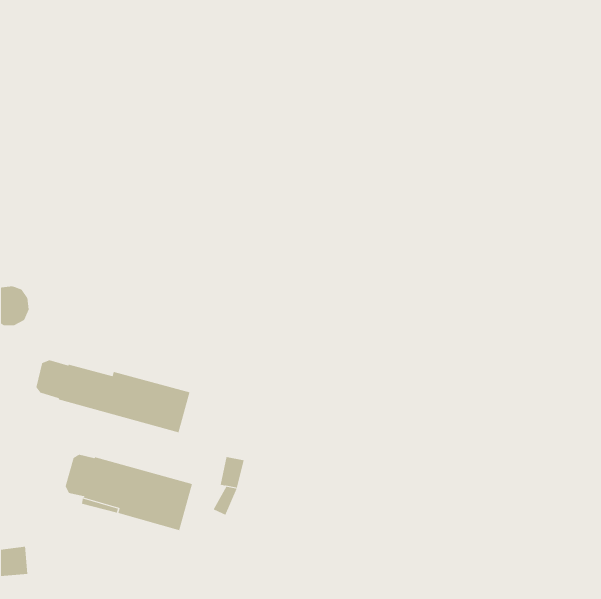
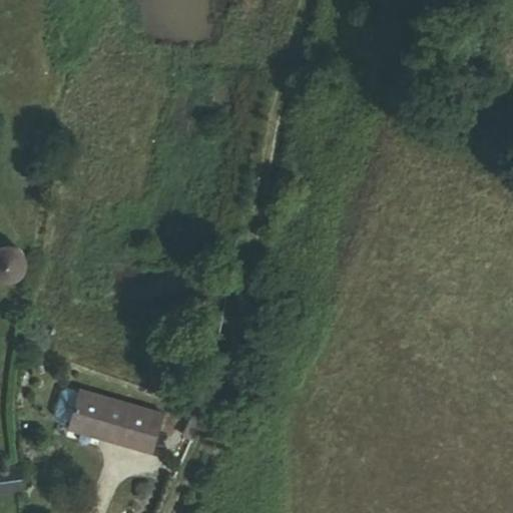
building: [36,359,190,433] -> none

